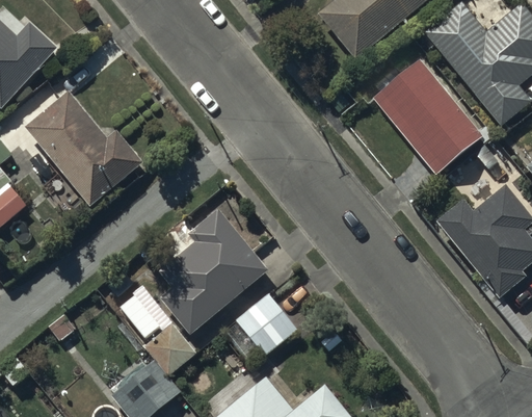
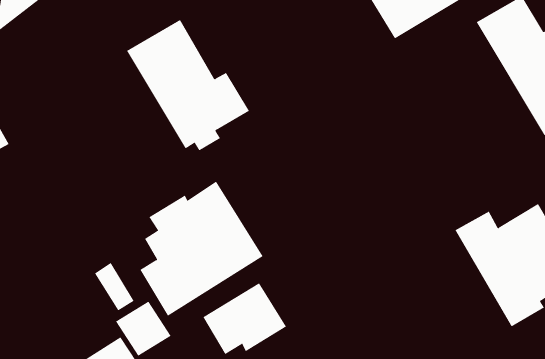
building: [372,59,481,176] -> none
building: [25,92,142,206] -> [126,19,250,151]

